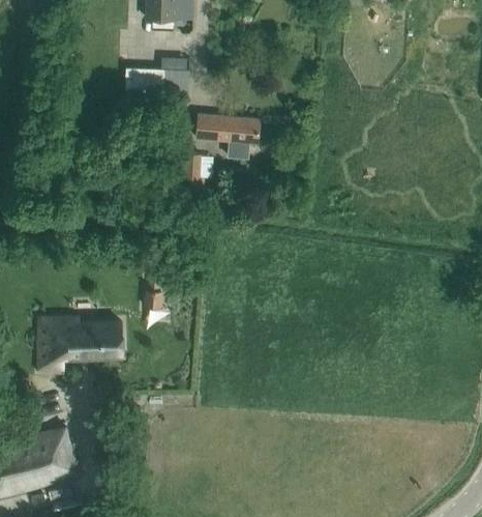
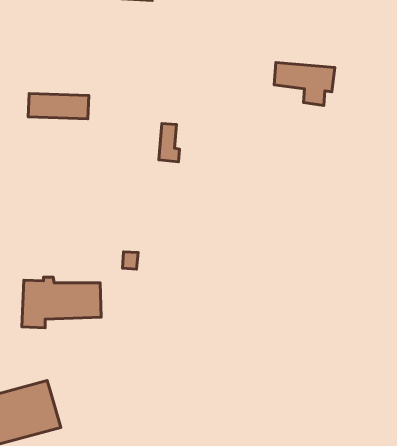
building: [132,71,197,98] -> [28,93,89,119]
building: [195,113,260,159] -> [274,62,335,105]

